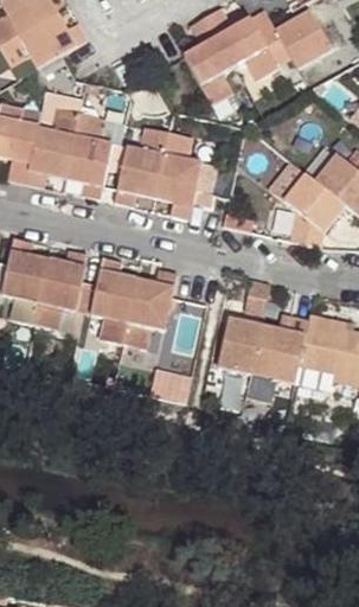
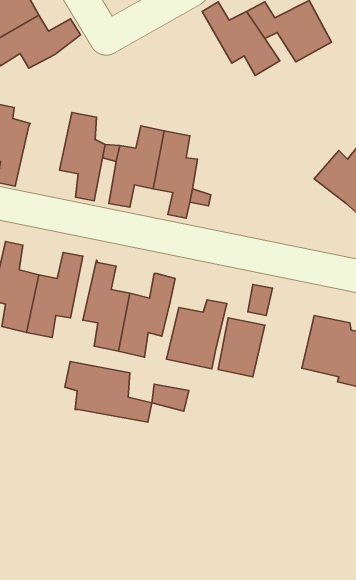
building: [182,17,232,104] -> none
building: [24,109,78,189] -> none
building: [282,171,342,245] -> none
building: [252,312,310,378] -> [166,300,227,369]
building: none -> [65,361,152,422]

